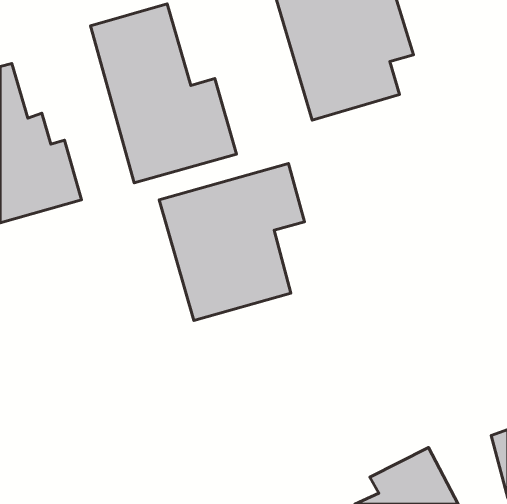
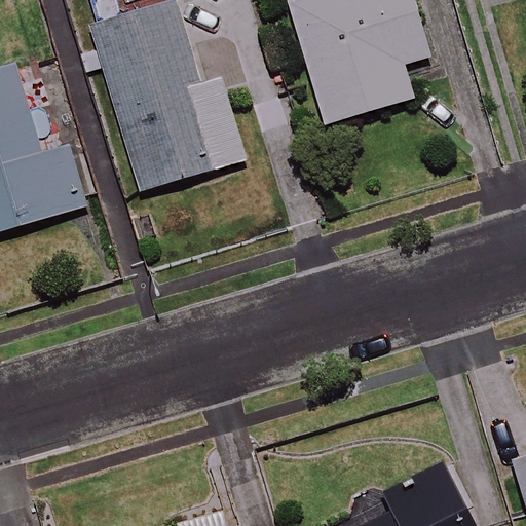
building: [159,163,304,320] -> none

